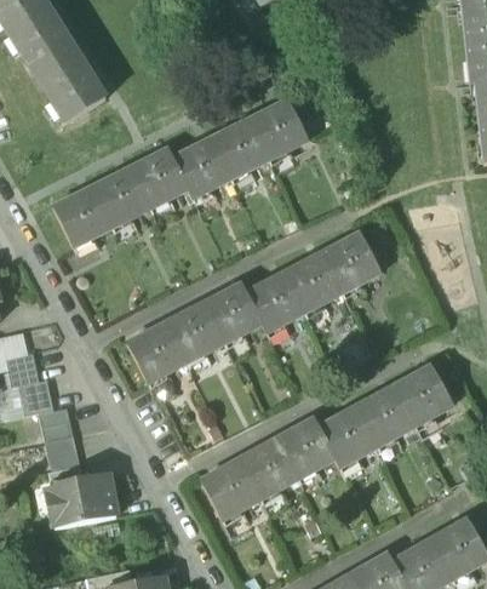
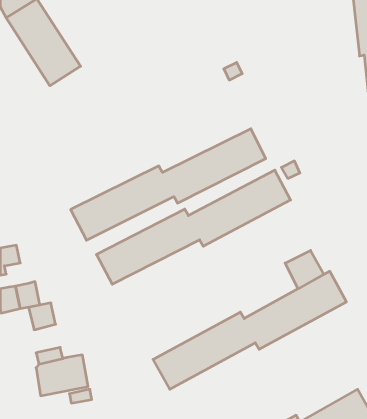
building: [52,99,306,245] -> [71,129,266,240]
building: none -> [285,250,324,289]
building: [6,351,38,384] -> none
building: [45,433,79,469] -> none

